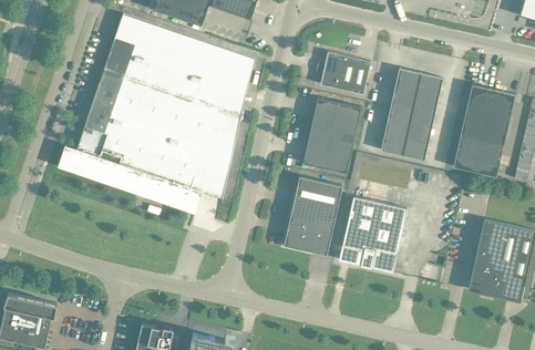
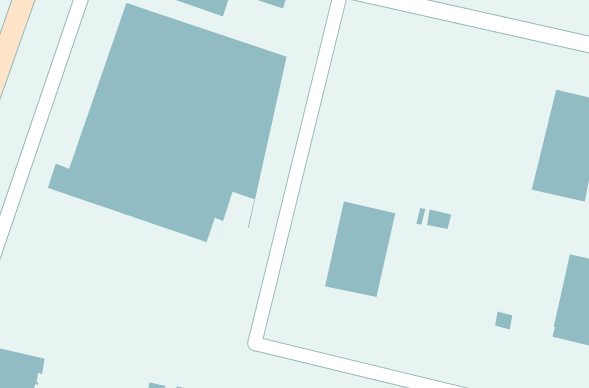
building: [320,52,370,94] -> none
building: [380,69,442,161] -> none
building: [302,97,361,174] -> none
building: [342,197,407,272] -> none

